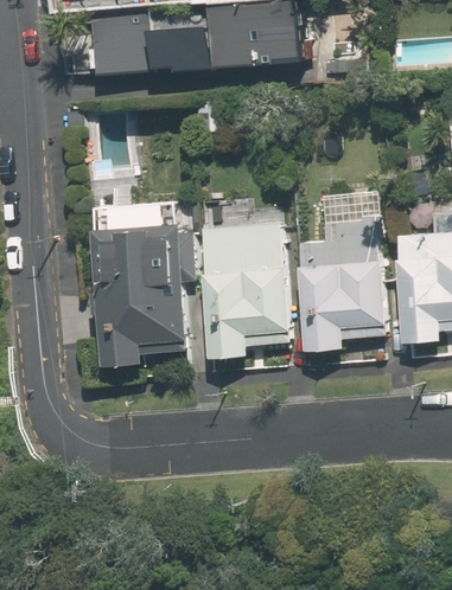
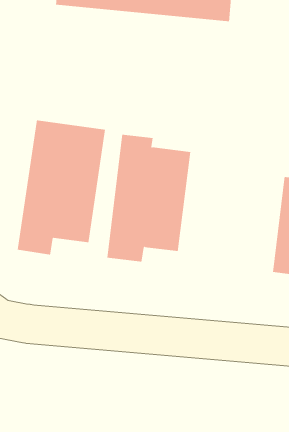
building: [299,188,380,353] -> none

